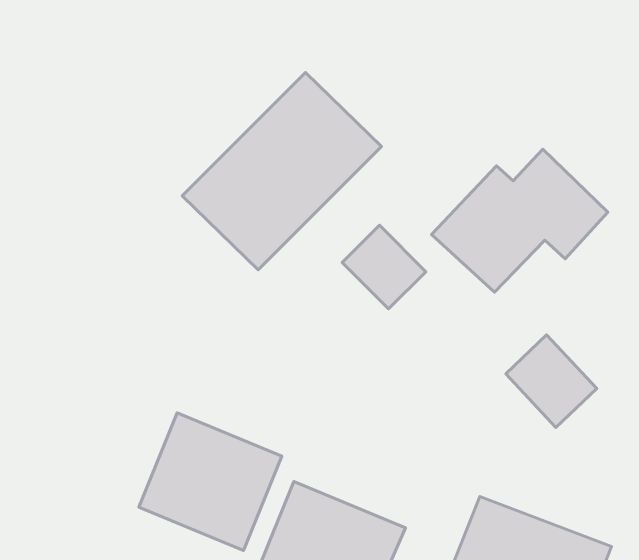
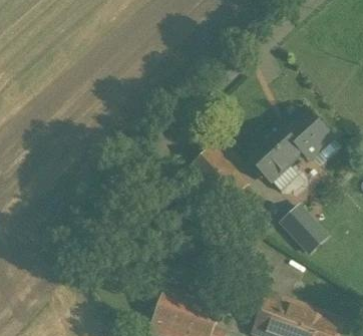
building: [182,73,382,270] -> none
building: [139,413,282,551] -> none

